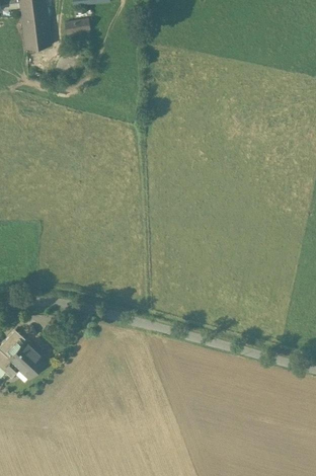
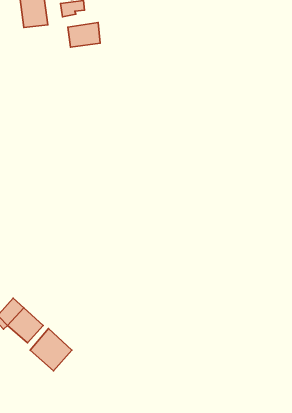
building: none -> [68,23,100,47]
building: none -> [30,329,72,371]

